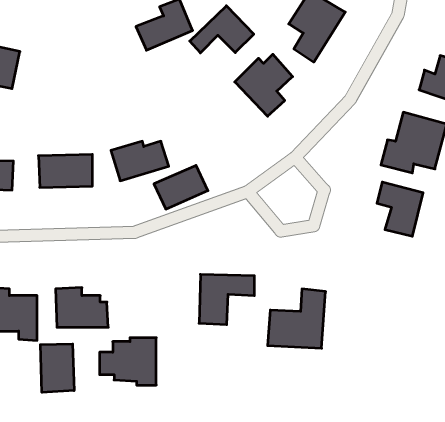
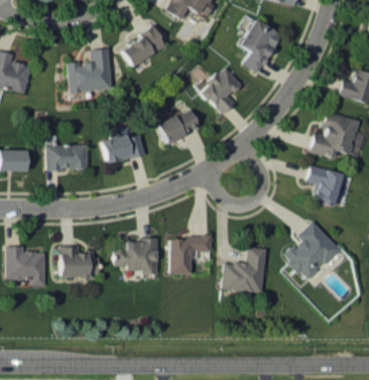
building: [190,6,254,53] -> none
building: none -> [69,47,113,93]
building: [154,165,208,209] -> [159,109,201,142]
building: none -> [283,224,341,280]
building: [100,338,156,385] -> [115,238,158,274]
building: [40,344,74,392] -> none

